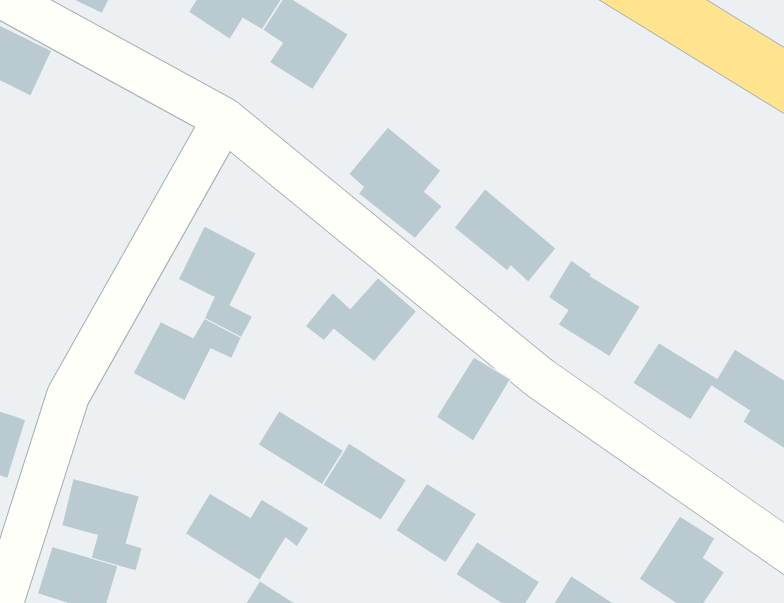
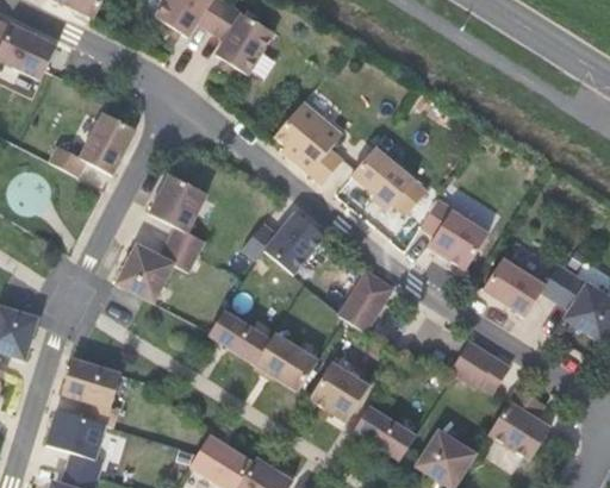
building: none -> [50,113,135,176]
building: none -> [450,340,510,394]
building: [185,493,309,581] -> none

